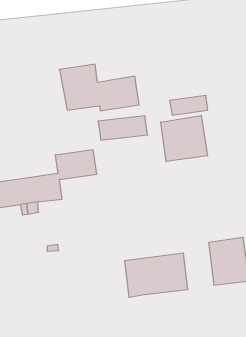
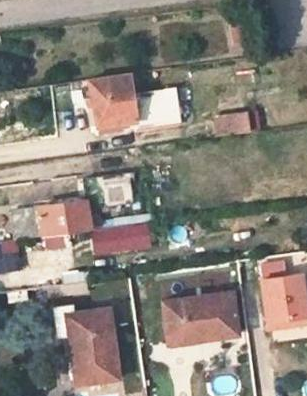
building: [161,115,208,162] -> none
building: [98,116,148,140] -> [93,227,150,255]
building: none -> [67,309,119,384]

